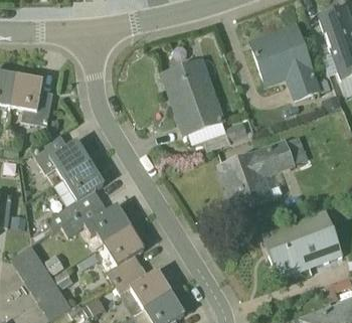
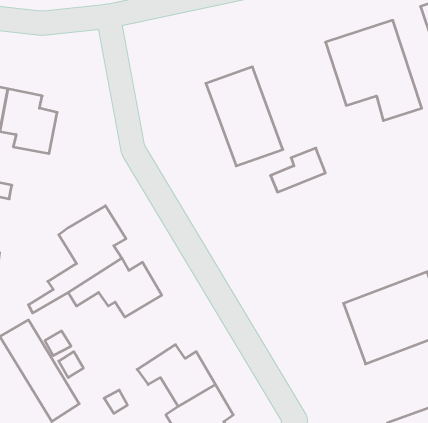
building: [32,133,89,177] -> none
building: [218,135,307,210] -> none
building: [103,226,144,281] -> none

